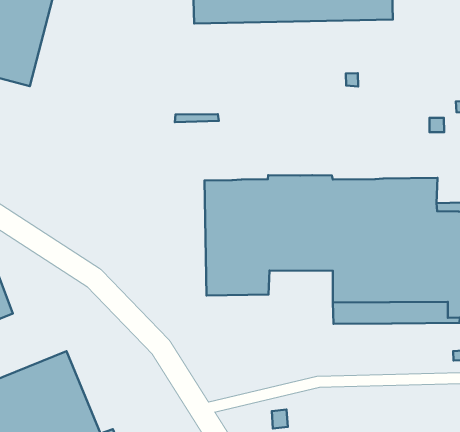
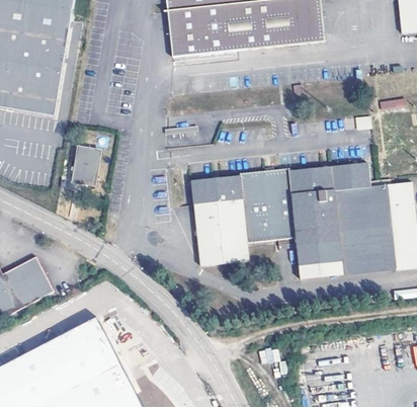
building: none -> [72,147,100,186]

